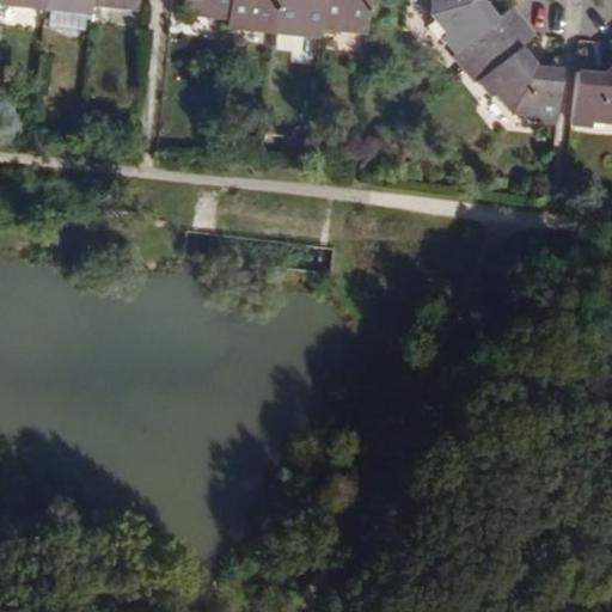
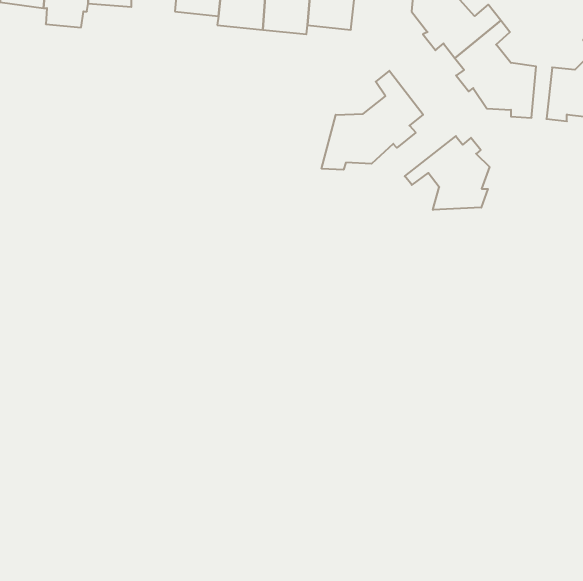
building: none -> [322,71,423,170]
building: none -> [405,136,490,210]

